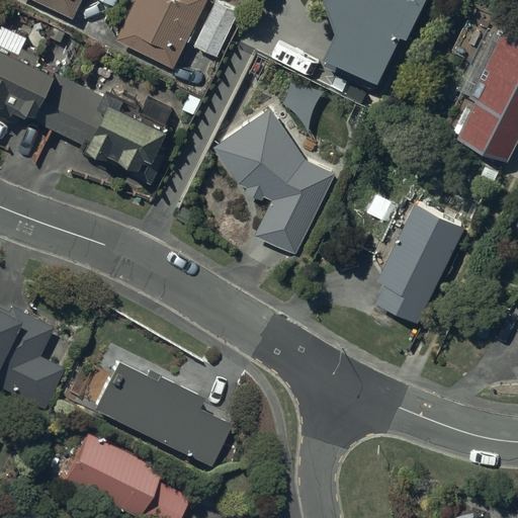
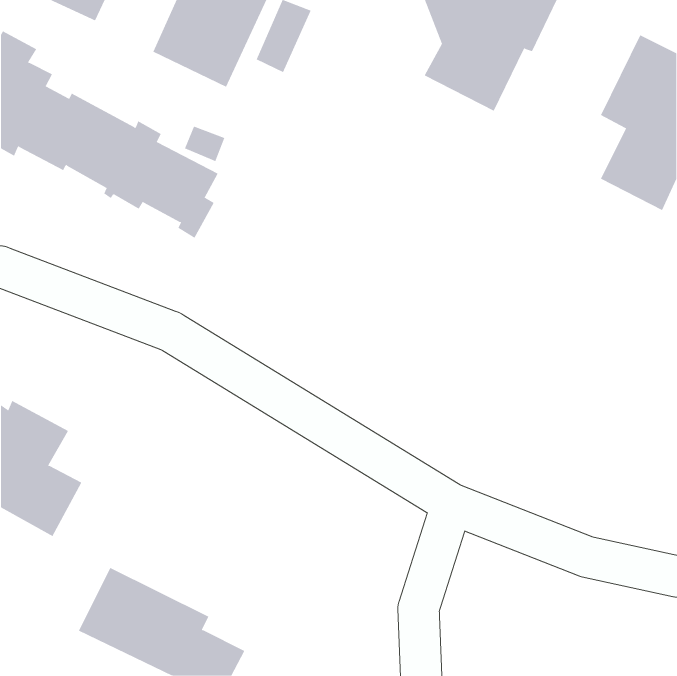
building: [213,107,336,255] -> none
building: [375,203,464,324] -> none
building: [92,363,228,466] -> none

